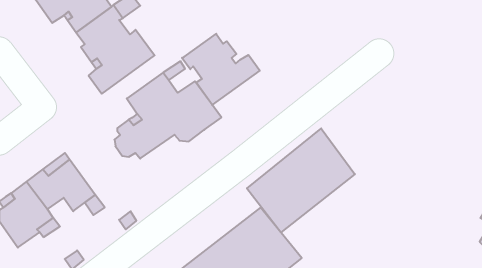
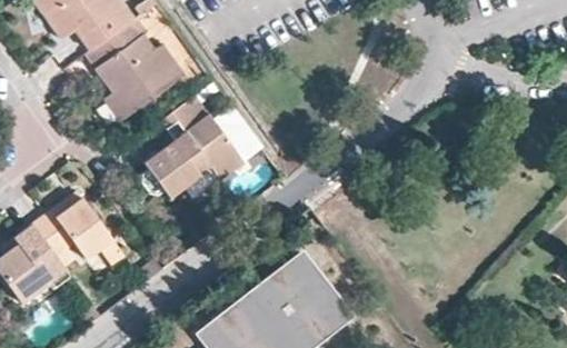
building: [182,34,260,105] -> none
building: [247,128,355,232] -> none

